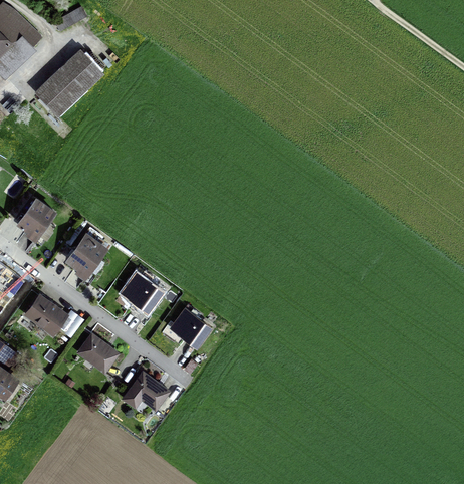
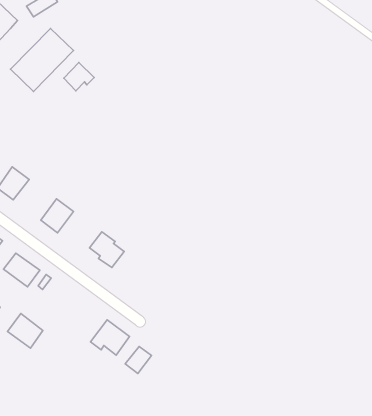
building: none -> [64,63,94,91]
building: [170,309,212,350] -> none
building: [78,334,119,374] -> [7,314,43,348]
building: none -> [125,346,151,373]

